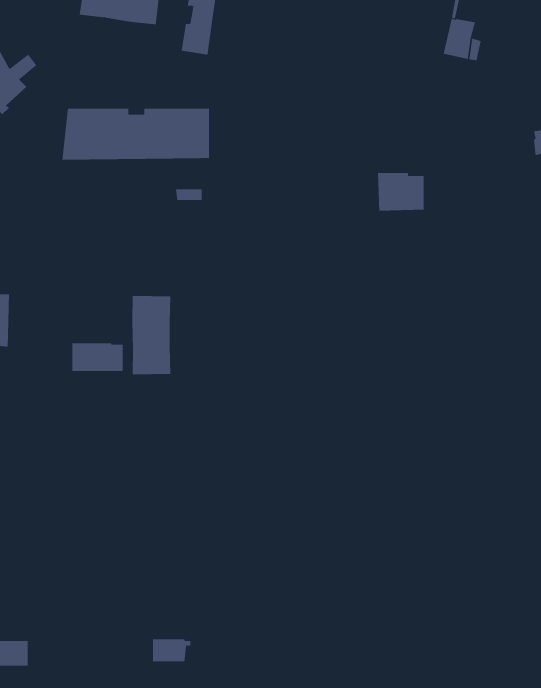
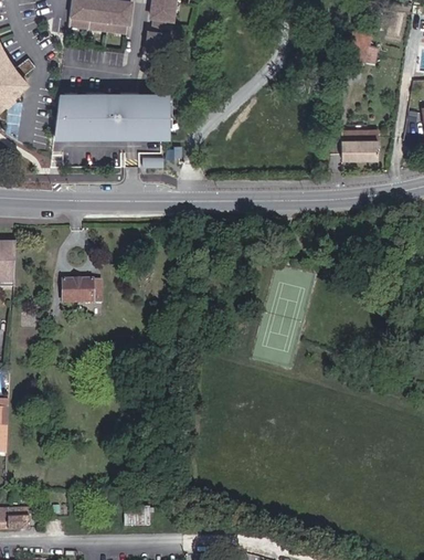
building: [377,173,425,211] -> [341,129,378,159]
building: [132,295,171,375] -> none

